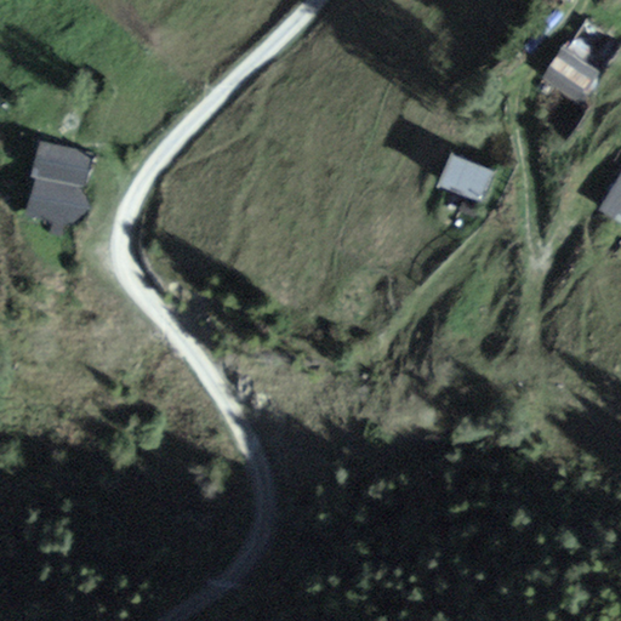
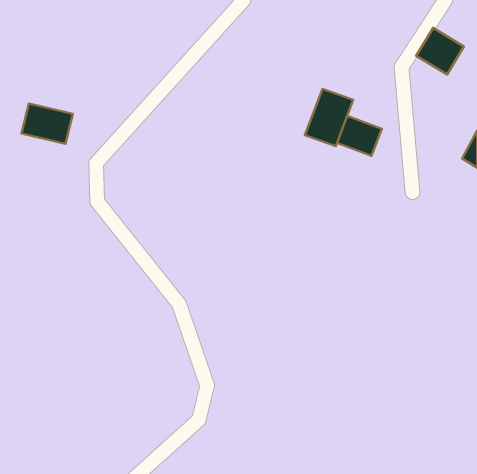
building: none -> [305,89,353,146]
building: [19,177,85,229] -> none

